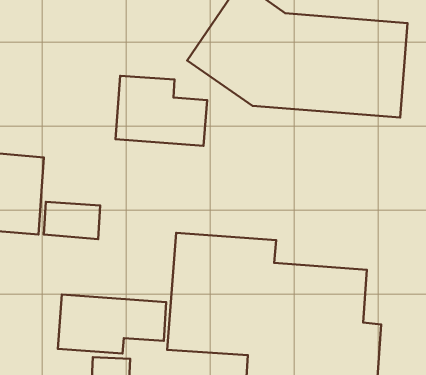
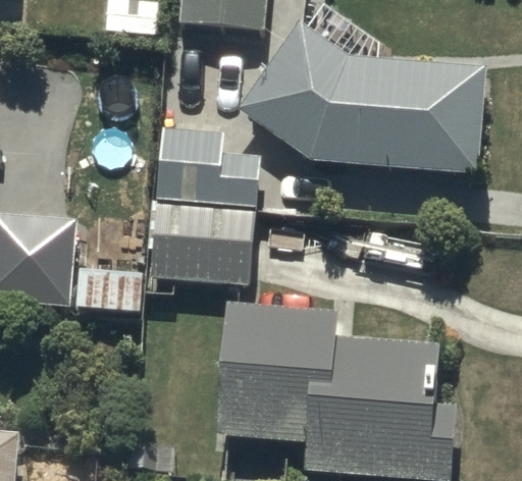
building: none -> [150,204,254,283]
building: [58,295,166,354] -> none

